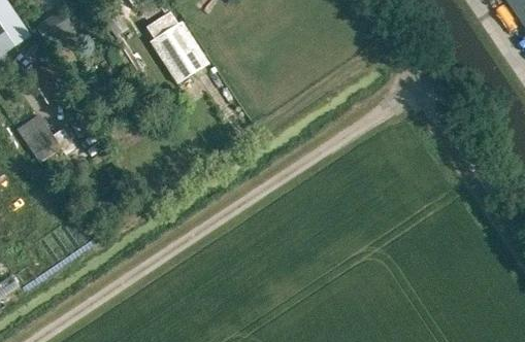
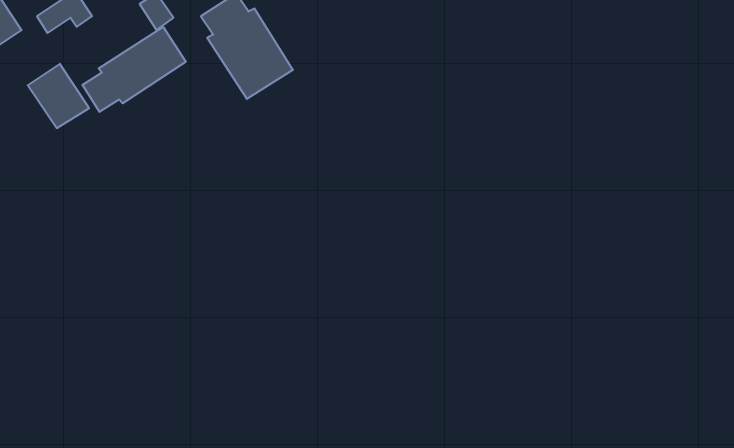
building: none -> [82,27,186,112]
building: [18,112,63,161] -> none

